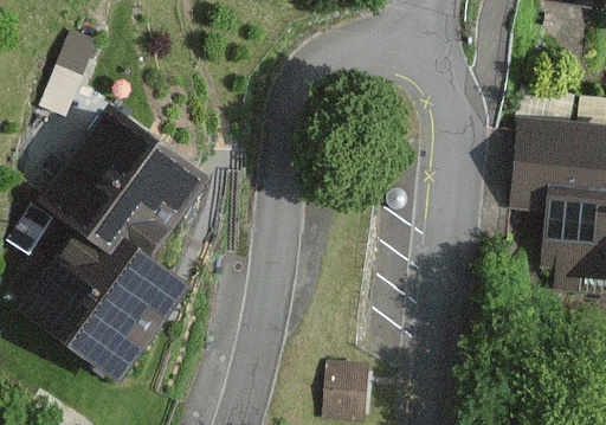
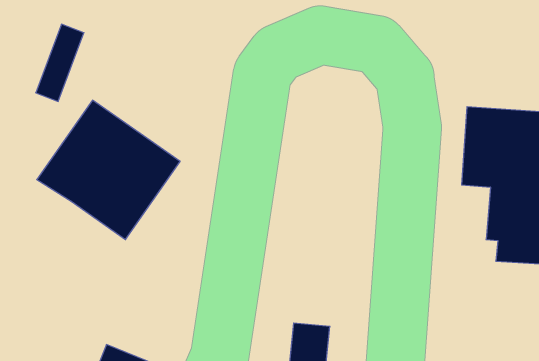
building: [21,226,178,379] -> none

